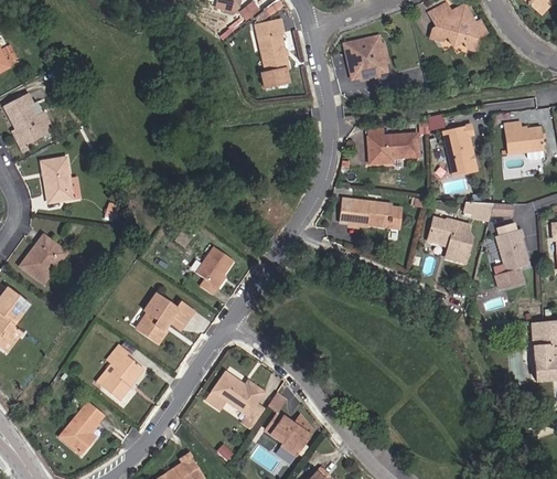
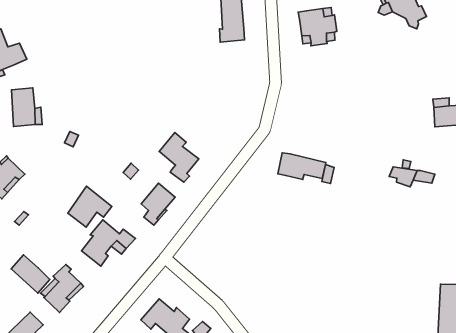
building: [441,124,476,175] -> none
building: [368,125,419,163] -> none
building: none -> [159,132,199,182]
building: [428,216,470,260] -> none
building: [493,230,528,291] -> none
building: none -> [68,186,112,227]
building: none -> [11,255,50,293]

